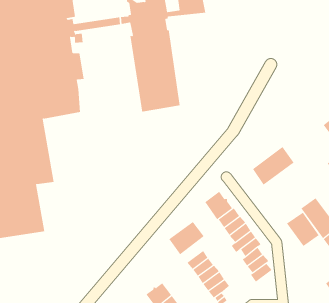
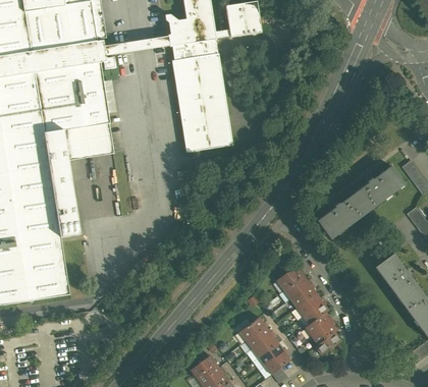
building: none -> [354,166,405,212]
building: [205,191,233,220] -> none
building: [286,212,319,247] -> none
building: [169,221,205,255] -> none

